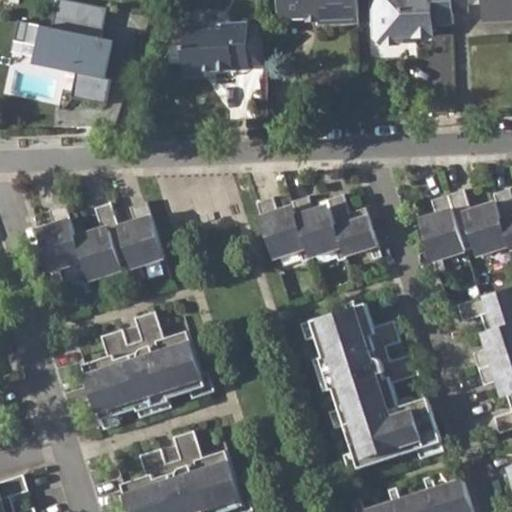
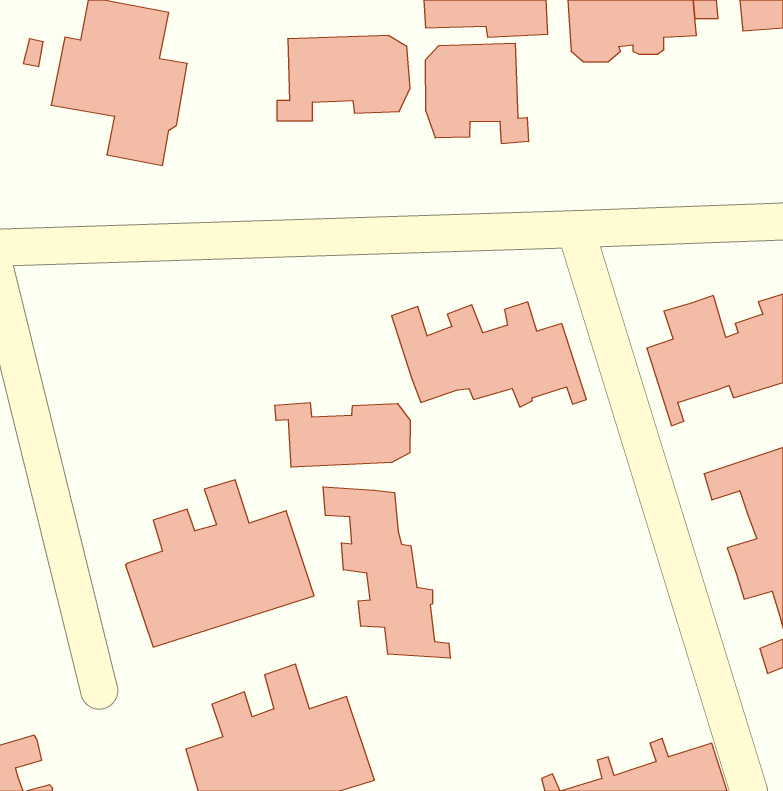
building: none -> [426,43,528,144]
building: [36,203,161,285] -> none
building: none -> [275,403,410,467]
building: [307,304,442,470] -> none
building: none -> [323,487,450,658]

